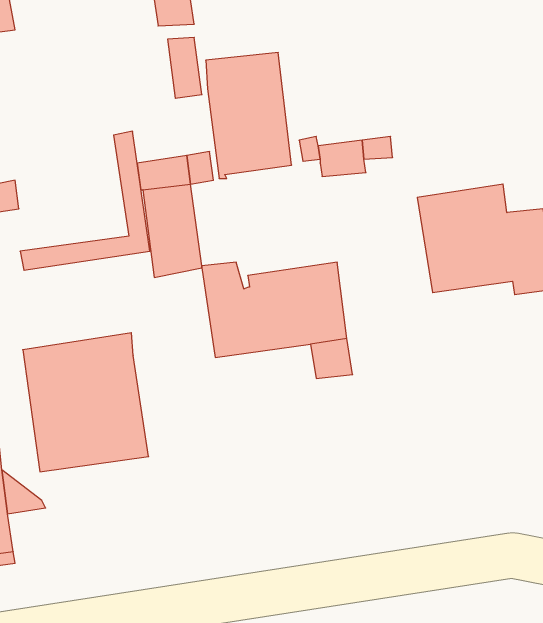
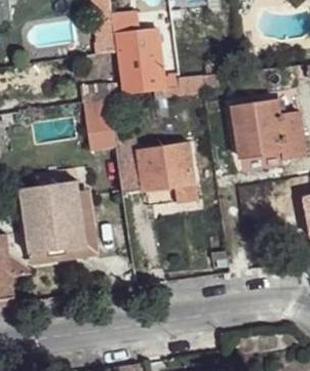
building: [20,131,150,270] -> [28,190,98,264]

